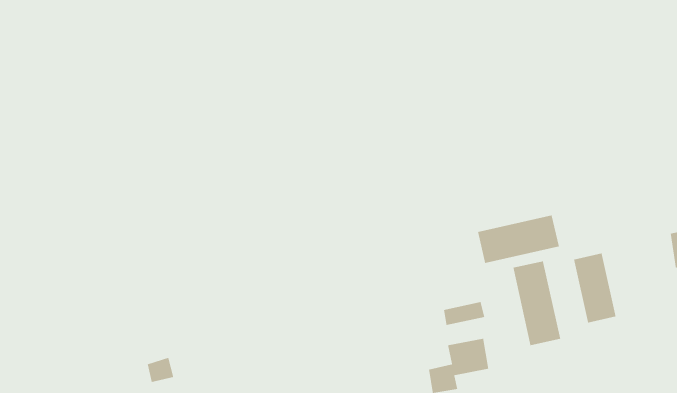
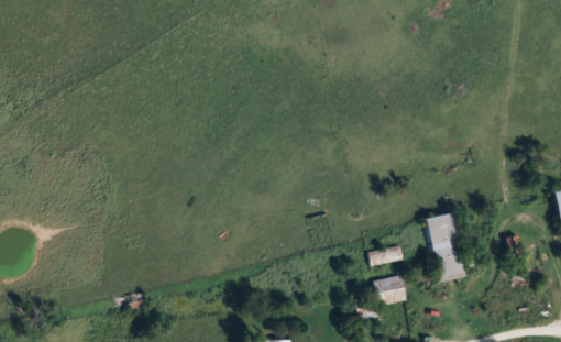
building: [477,215,560,264] -> none
building: [573,252,616,324] -> none

